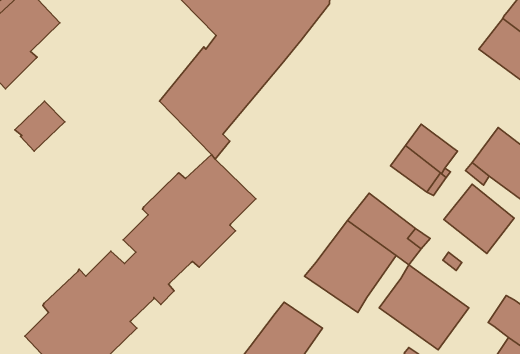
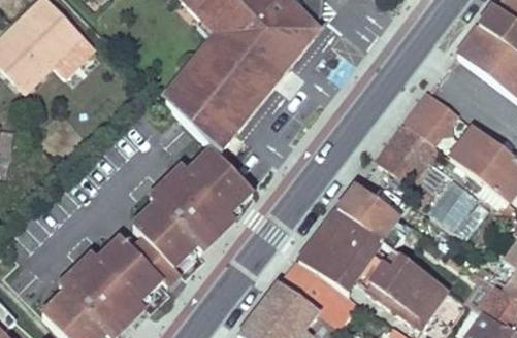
building: none -> [405,91,457,143]
building: [15,101,65,151] -> [49,30,94,75]
building: none -> [280,260,362,324]

